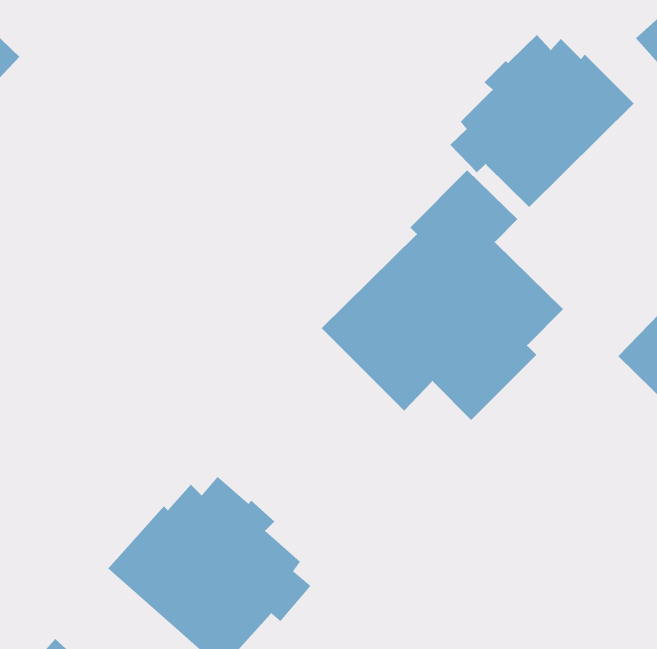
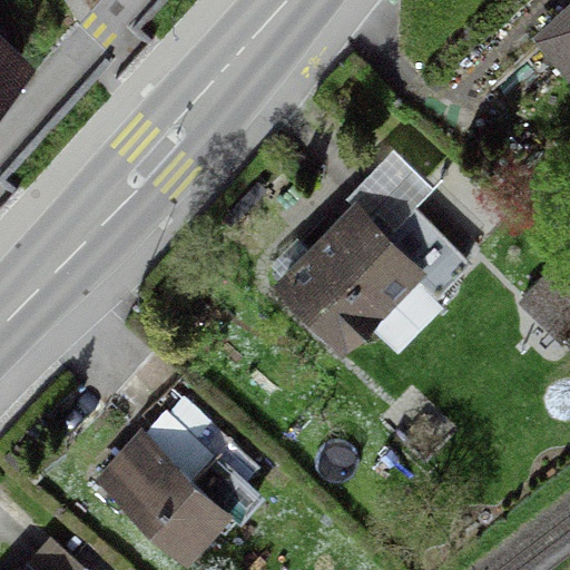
building: [450,34,634,208] -> none

